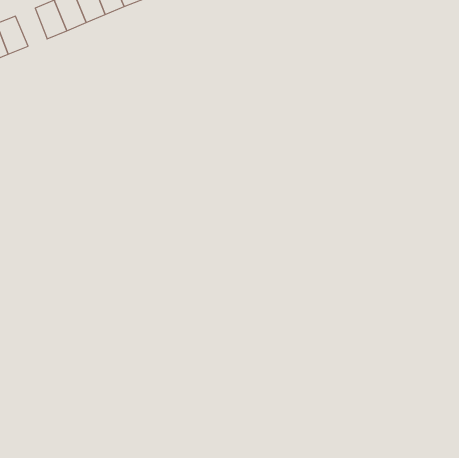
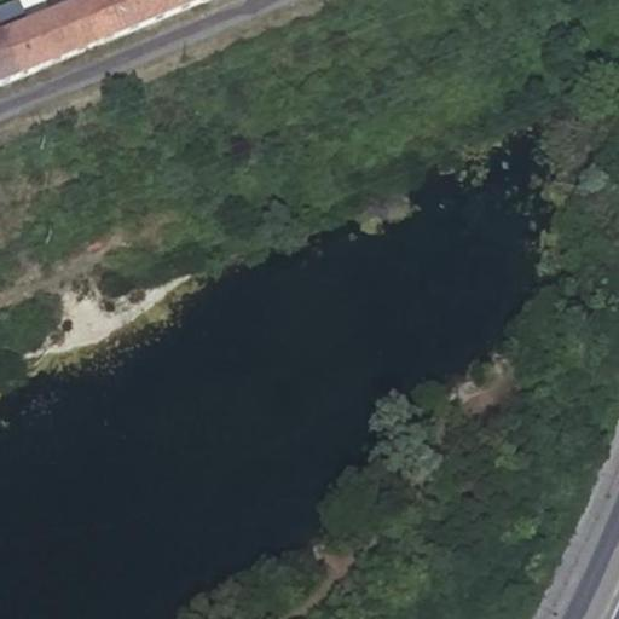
building: none -> [21,11,63,62]

